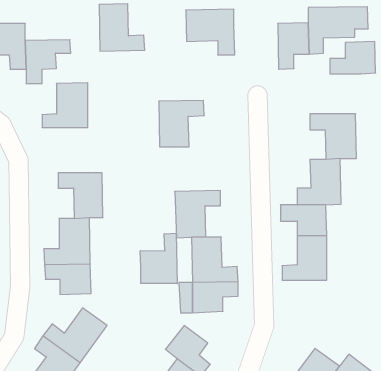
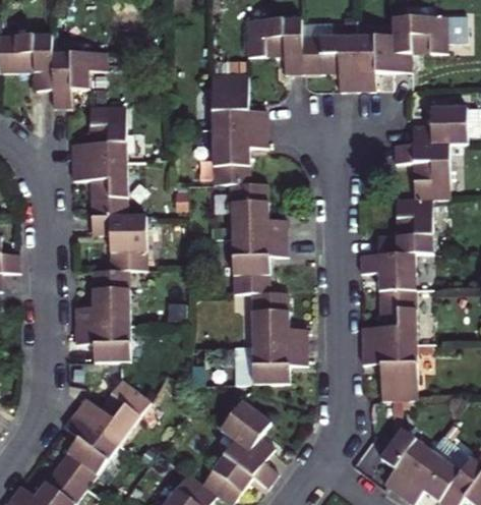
building: [99,4,145,51] -> [212,71,266,128]
building: none -> [303,35,357,90]
building: [330,42,376,74] -> [413,105,468,144]
building: none -> [72,160,128,215]
building: none -> [231,183,287,237]
building: [140,233,177,284] -> none
building: none -> [361,344,416,399]

